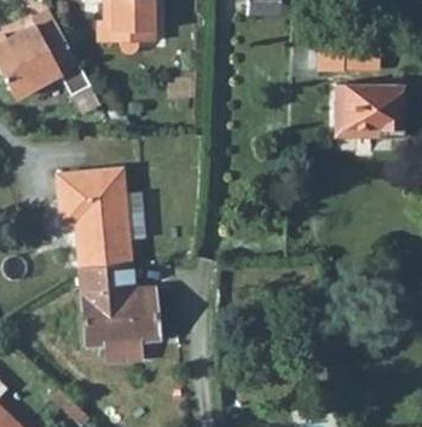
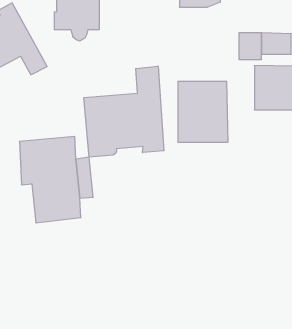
building: none -> [84,66,164,157]
building: none -> [178,81,228,142]
building: [79,262,161,362] -> none

